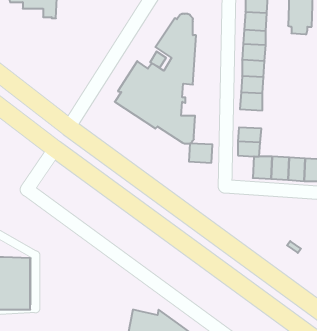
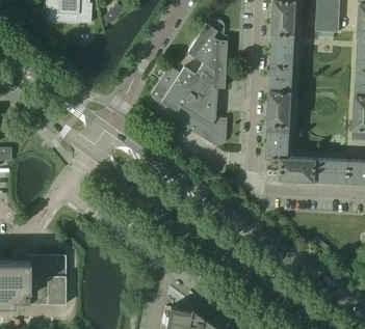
building: [189,143,212,163] -> [268,112,291,131]

